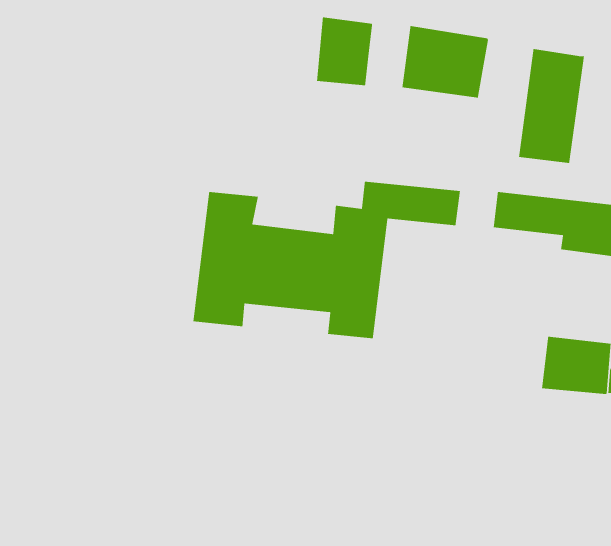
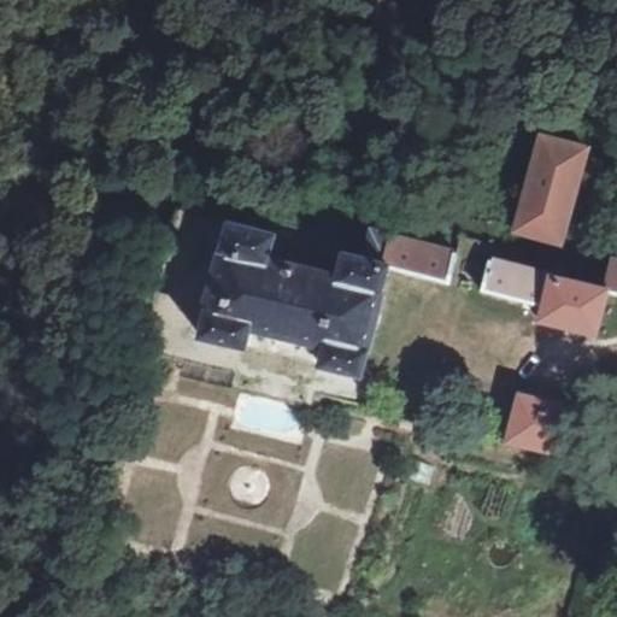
building: [316,16,373,86] -> none
building: [401,25,489,98] -> none

